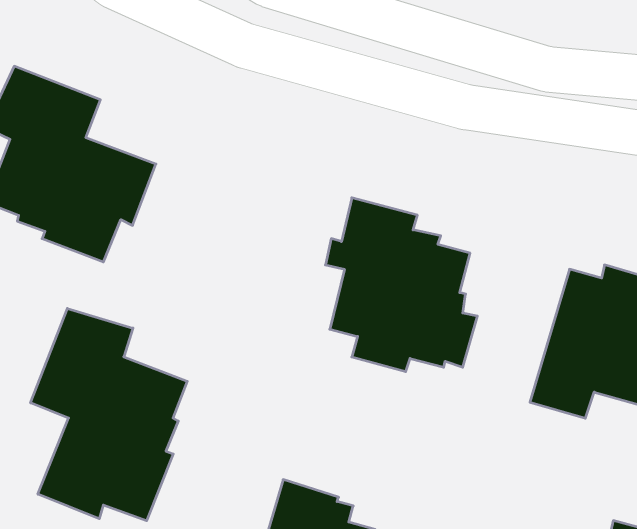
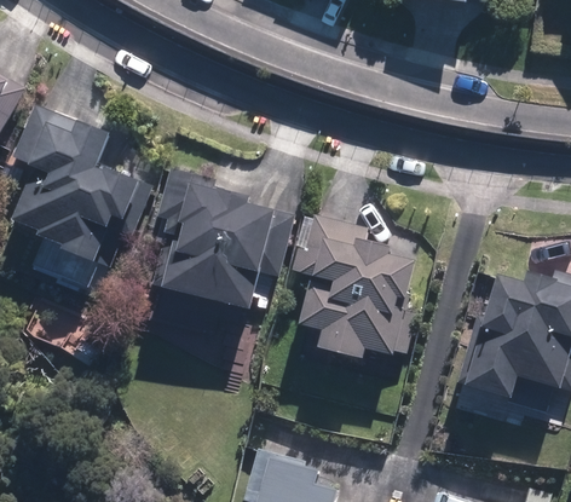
building: none -> [163,191,283,310]
building: [31,308,187,521] -> none

